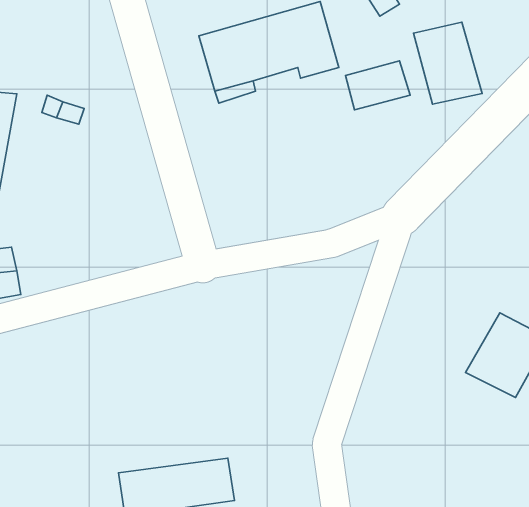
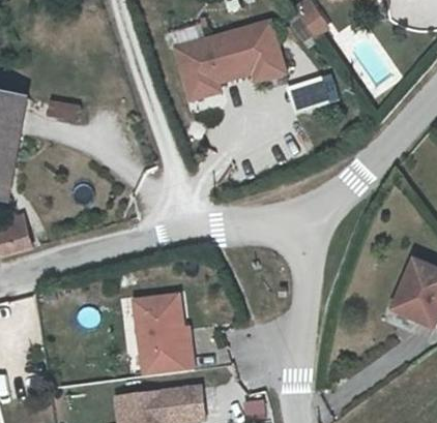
building: [413,22,482,104] -> none
building: none -> [130,290,190,372]

